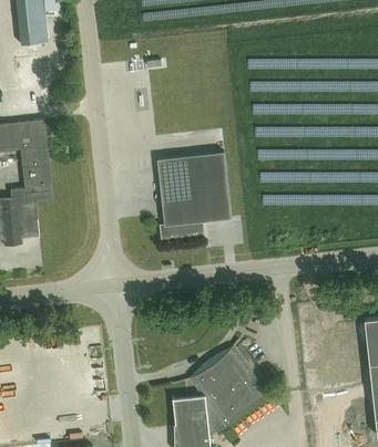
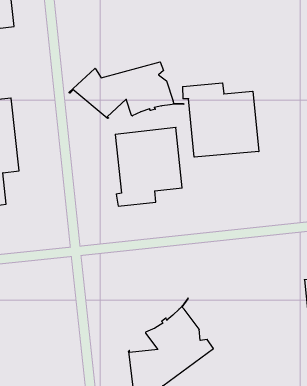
building: none -> [69,62,184,118]
building: none -> [183,83,259,157]

